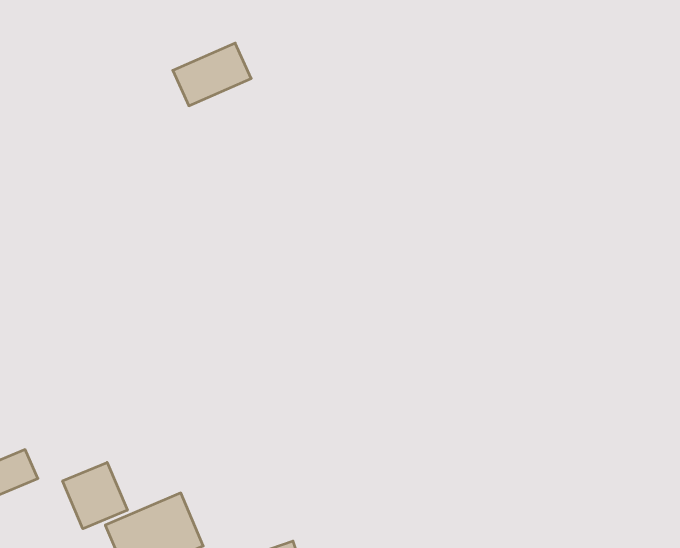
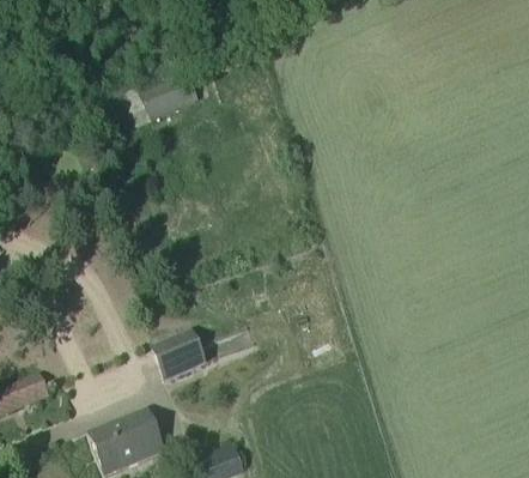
building: none -> [154,331,207,377]
building: [63,462,127,529] -> none

